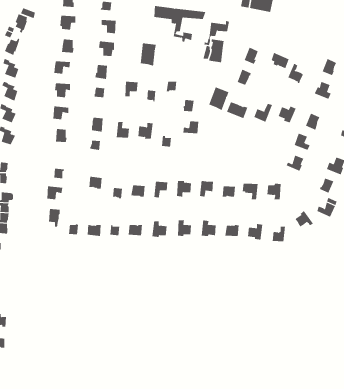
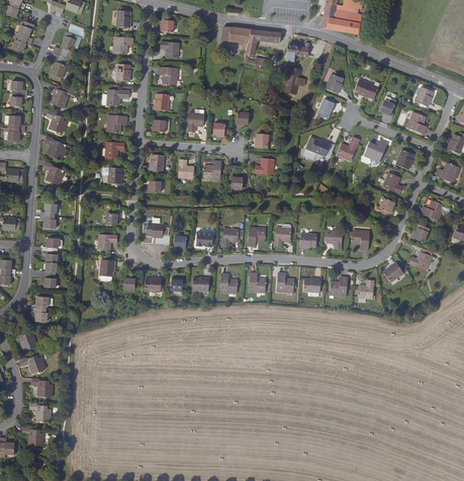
building: [140,42,156,66] -> none
building: [208,87,229,111] -> none

